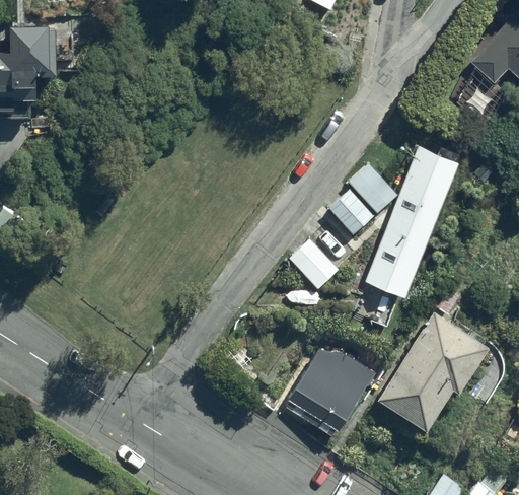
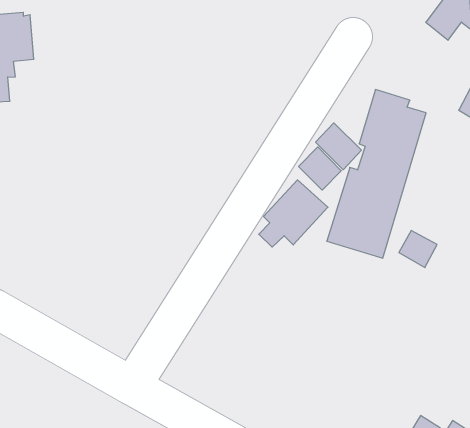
building: [376,311,492,432] -> none
building: [286,341,374,437] -> none

